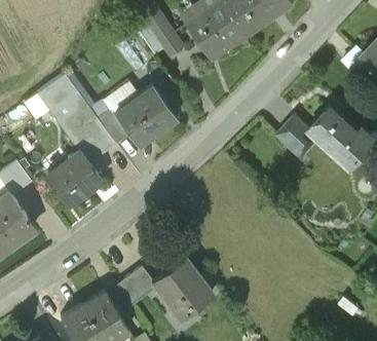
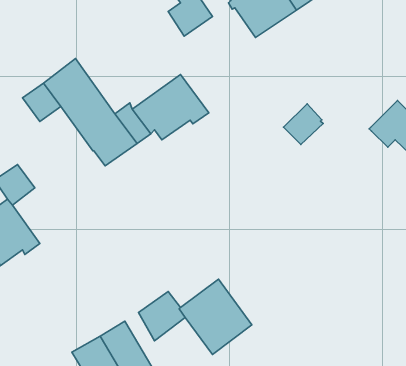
building: [277,118,310,152] -> [284,104,323,144]
building: [45,151,101,204] -> none

